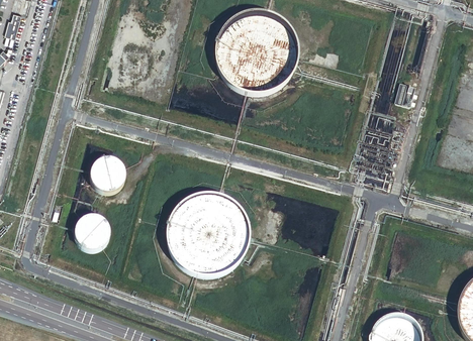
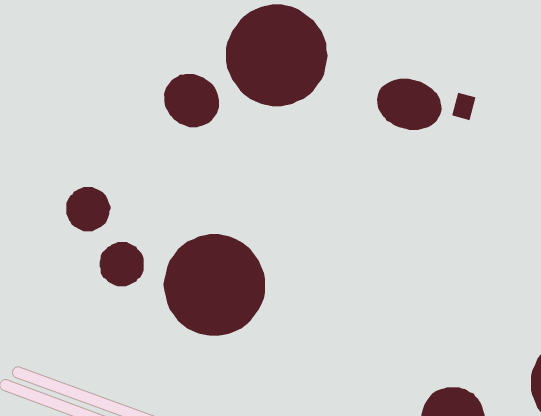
building: none -> [163,73,220,128]
building: none -> [376,78,443,131]
building: [74,214,110,250] -> [99,241,145,287]

